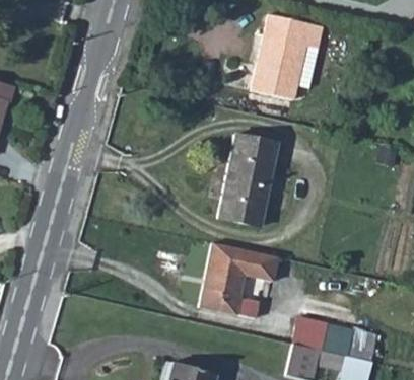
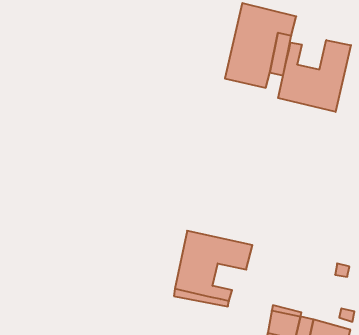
building: none -> [278,40,351,112]
building: [218,135,278,227] -> none

